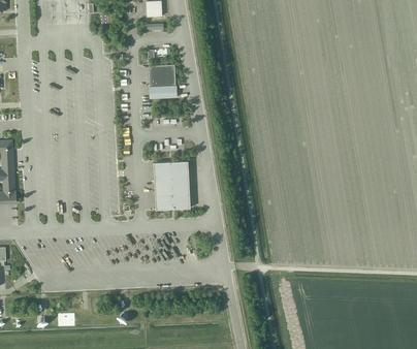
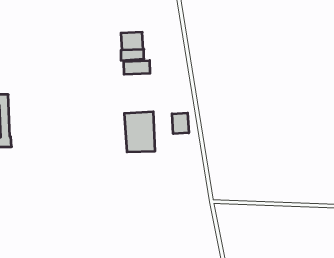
building: none -> [124,60,150,74]
building: none -> [172,113,189,134]

